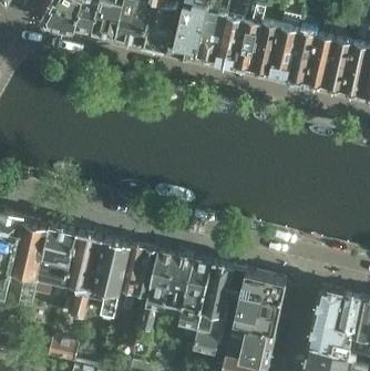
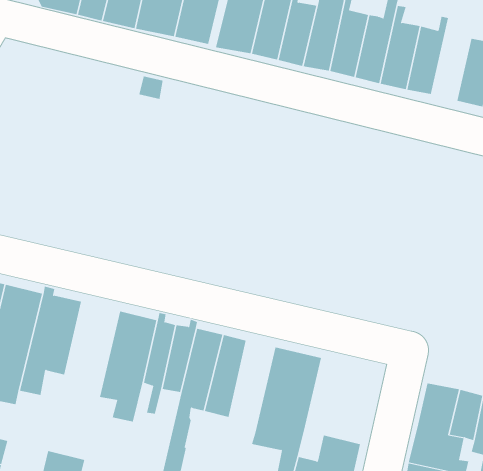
building: [323,32,351,91] -> none
building: [64,233,103,321] -> none
building: [179,260,213,326] -> none
building: [234,272,286,333] -> none

